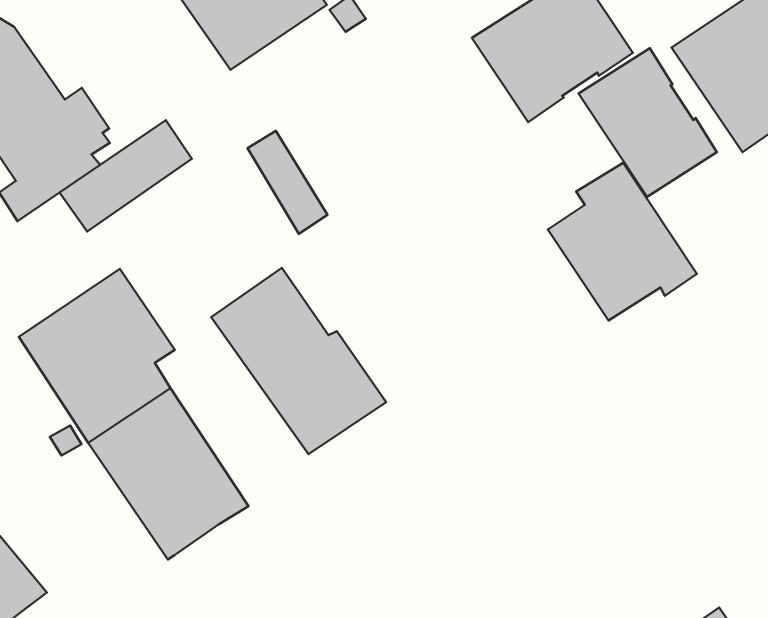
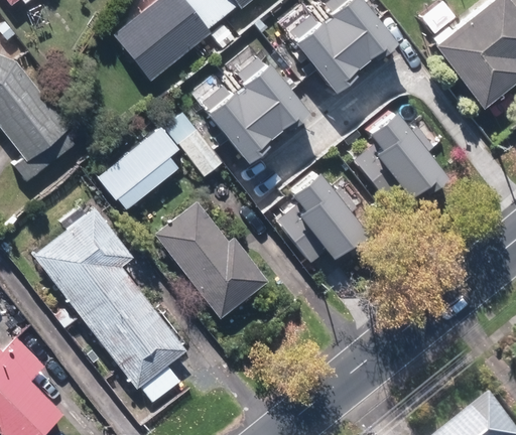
building: [578,48,717,197] -> none
building: none -> [206,57,310,167]
building: [60,120,192,231] -> [103,129,184,202]
building: none -> [281,176,371,265]

